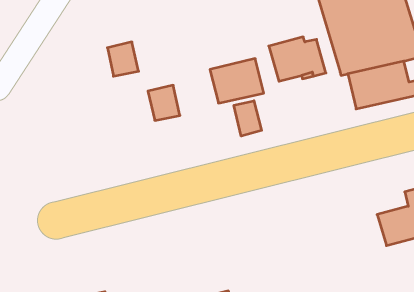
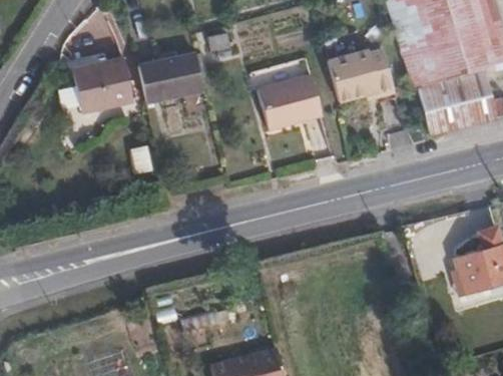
building: none -> [68,52,130,106]
building: [148,85,180,120] -> [164,47,202,89]
building: [234,101,262,136] -> none

